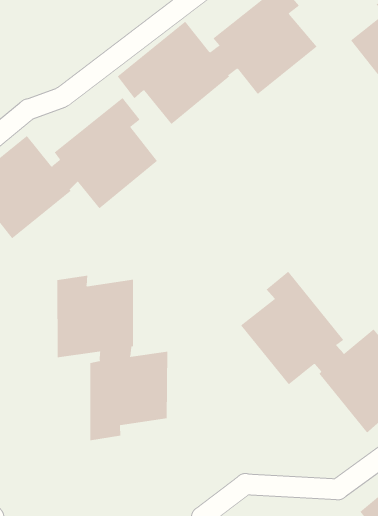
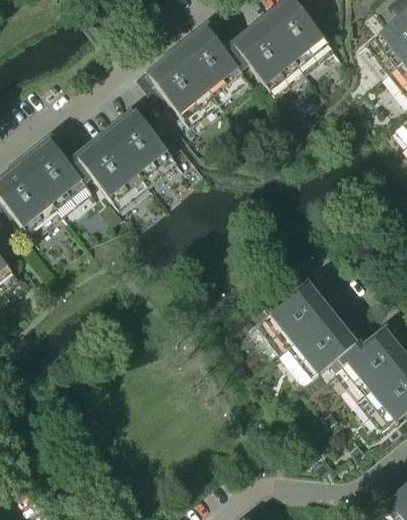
building: [57,275,168,441] -> none

